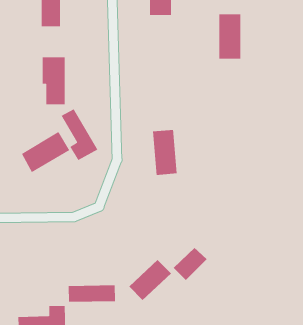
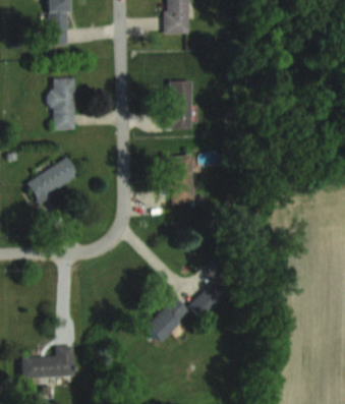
building: [218,14,241,59] -> [167,80,191,129]
building: [61,109,98,161] -> none
building: [68,285,116,303] -> none

